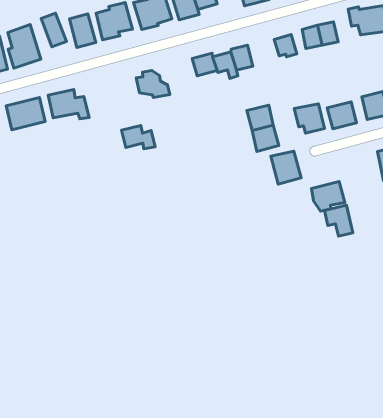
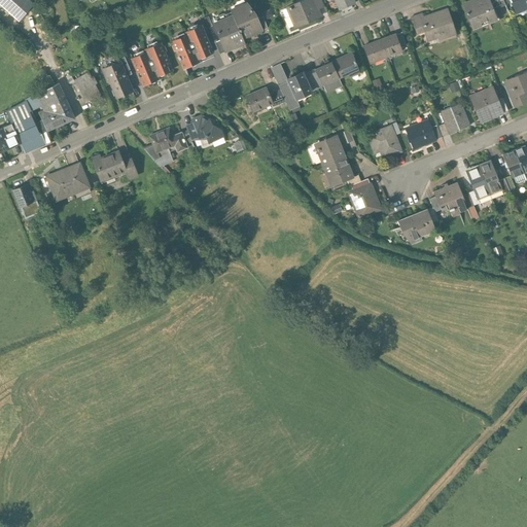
building: none -> [314,61,341,86]
building: [122,125,155,149] -> [148,127,188,153]
building: [324,205,353,236] -> [434,182,469,218]

